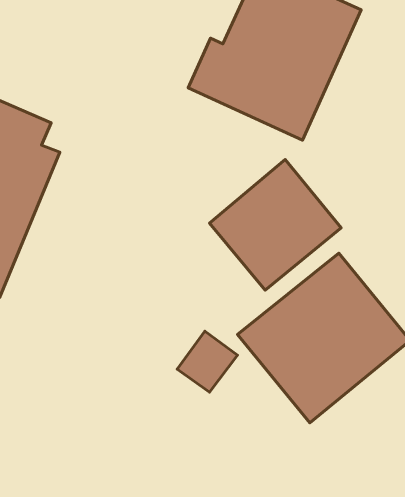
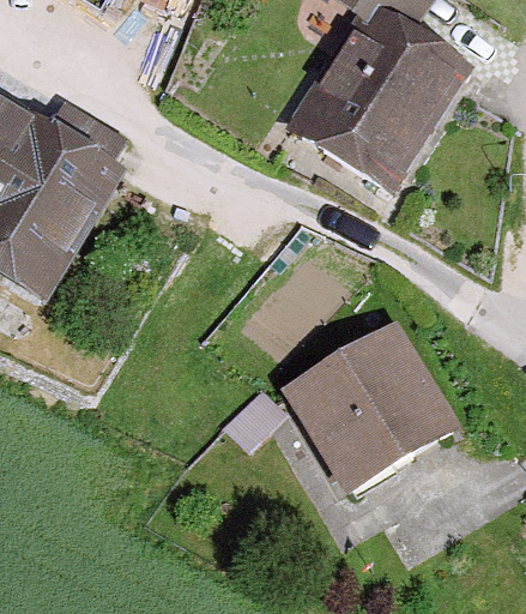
building: [210,159,341,290] -> none

